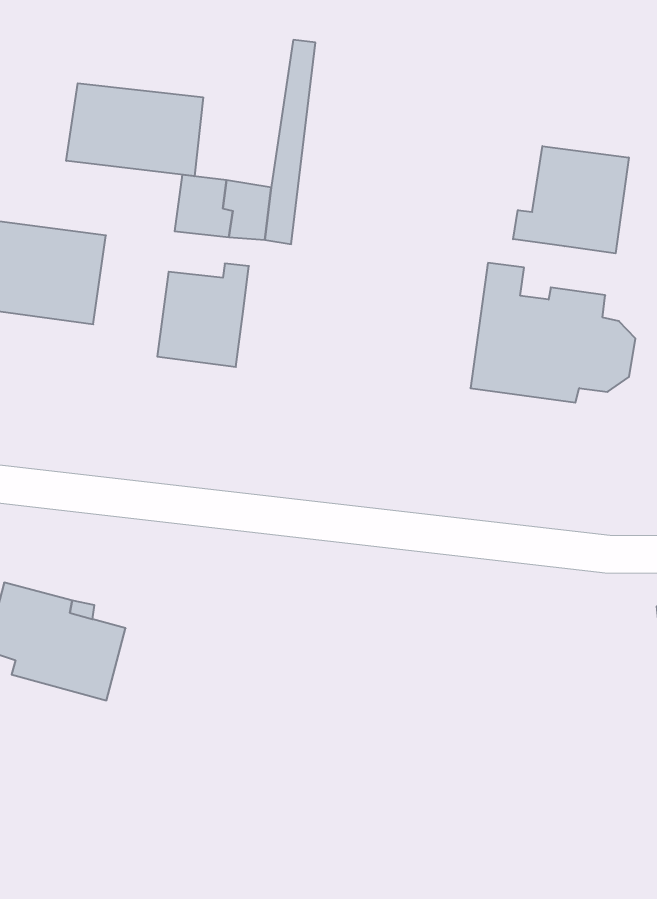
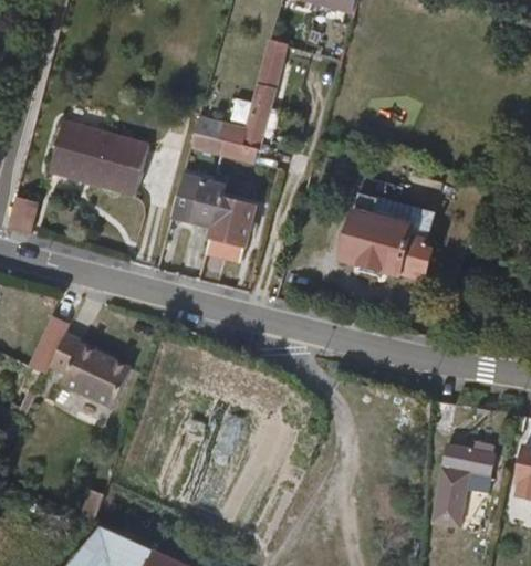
building: [66,83,203,176] -> none
building: [513,146,629,253] -> none
building: none -> [205,200,253,263]

